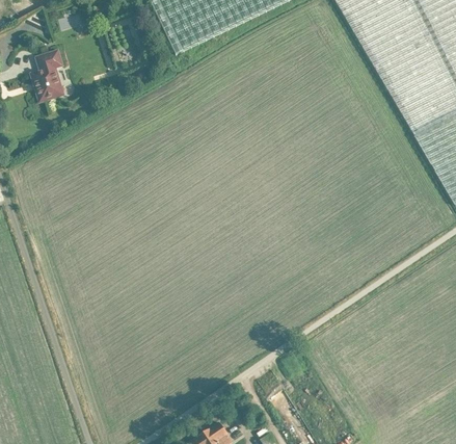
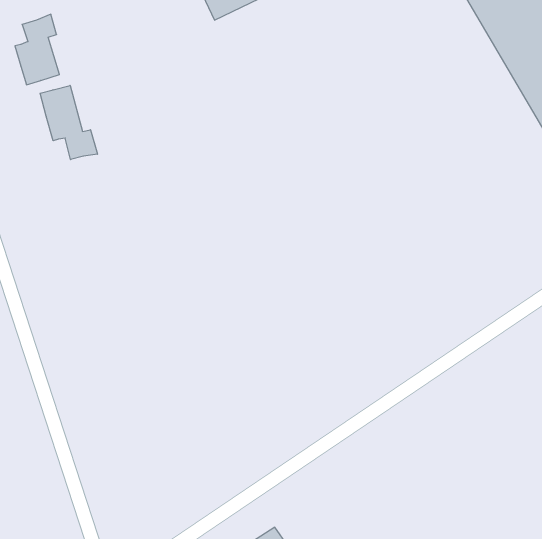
building: none -> [40,85,97,160]

